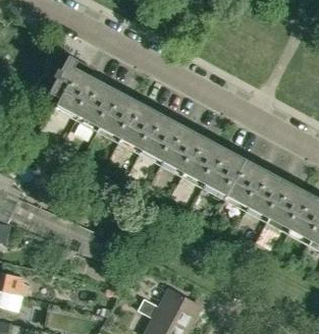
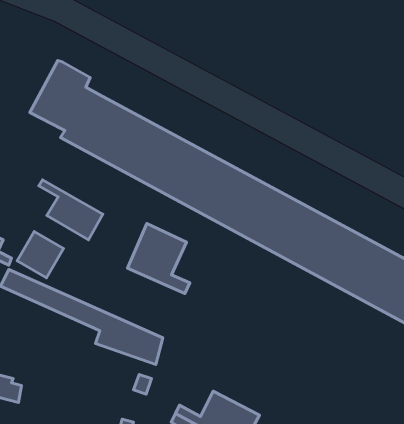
building: none -> [39,180,103,240]
building: none -> [127,224,190,294]

